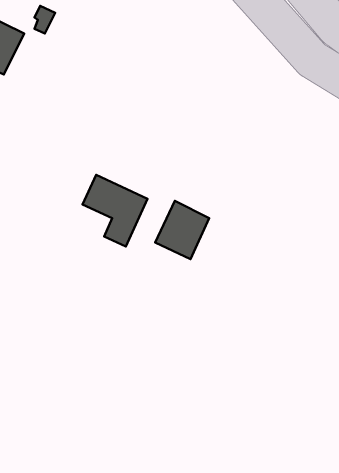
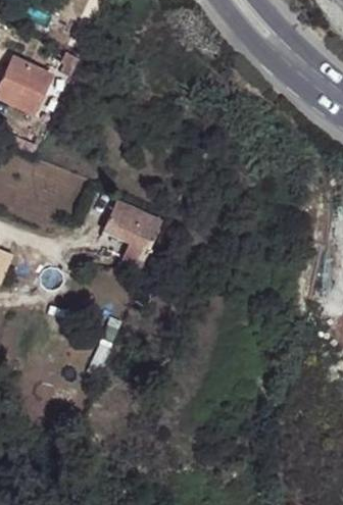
building: [155,201,209,259] -> none

